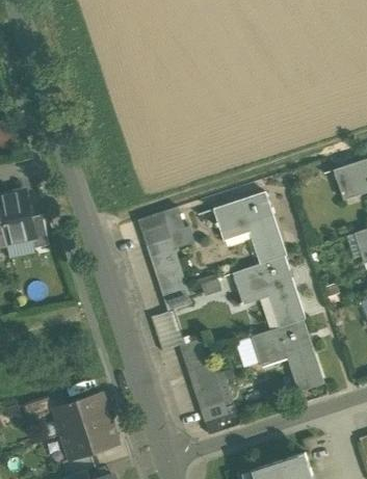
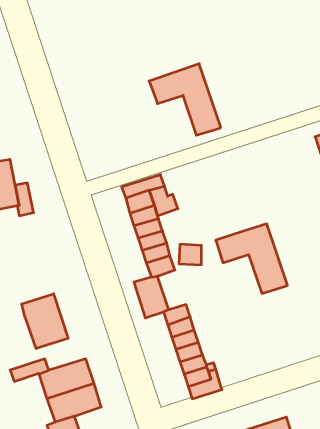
building: [212,191,285,264] -> [149,64,221,135]
building: [250,320,323,391] -> none
building: none -> [22,294,68,349]

